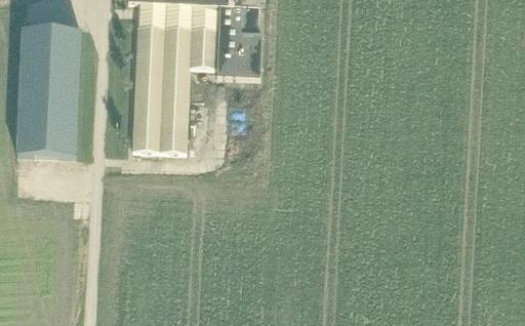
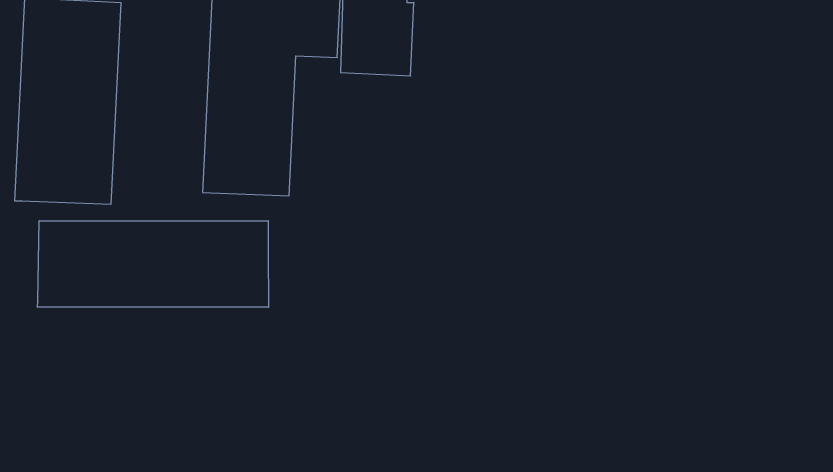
building: none -> [38,221,269,307]

